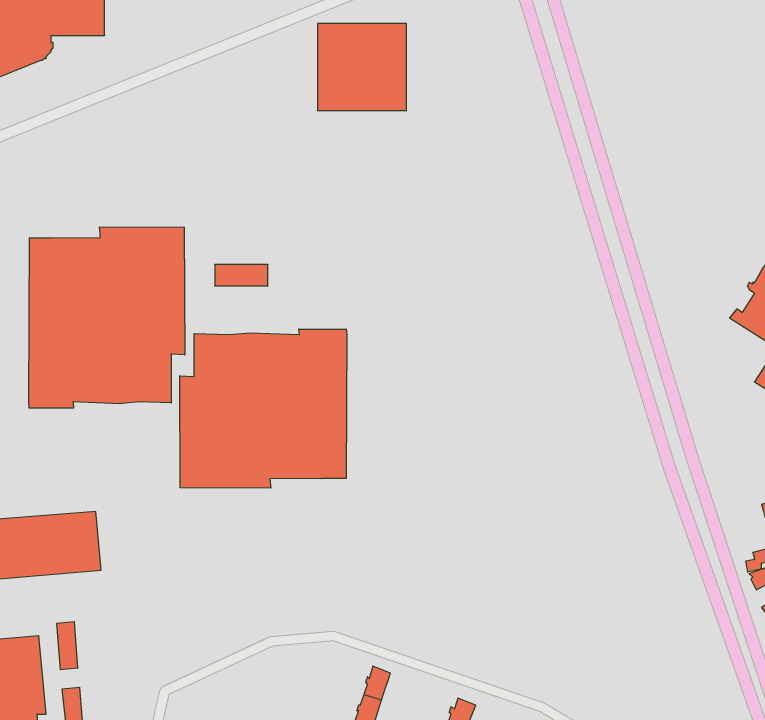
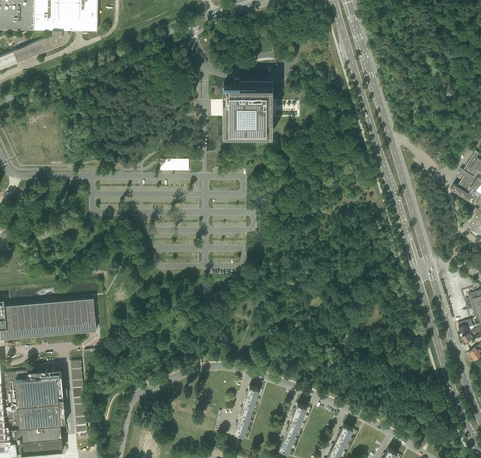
building: [318,24,406,111] -> [223,85,273,134]
building: [29,227,185,408] -> none
building: [180,329,347,488] -> none

